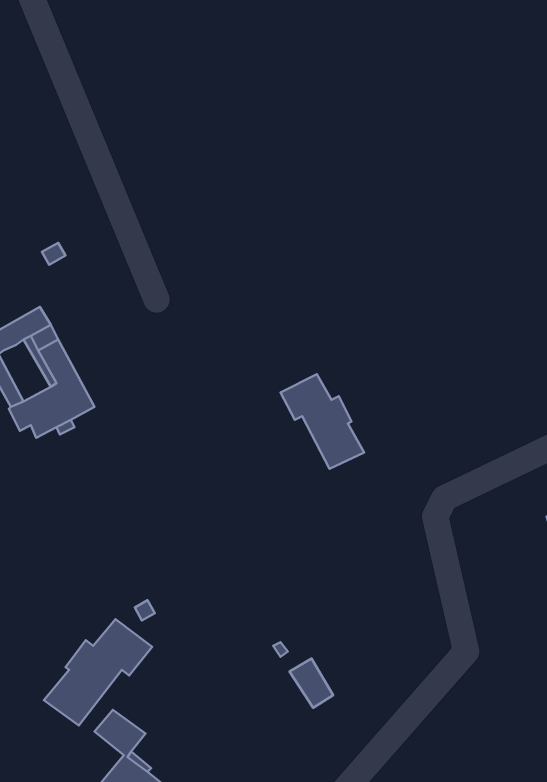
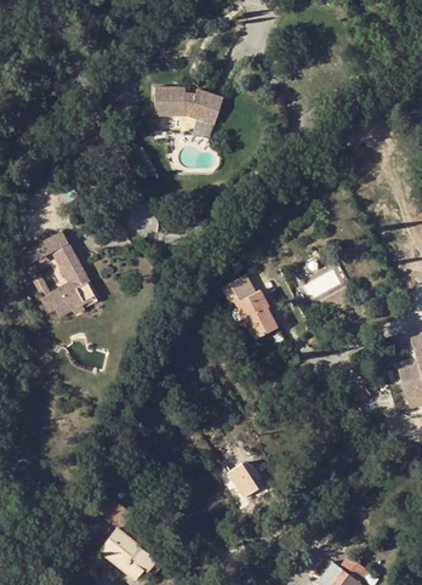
building: none -> [148,92,217,126]
building: [44,619,152,725] -> none

